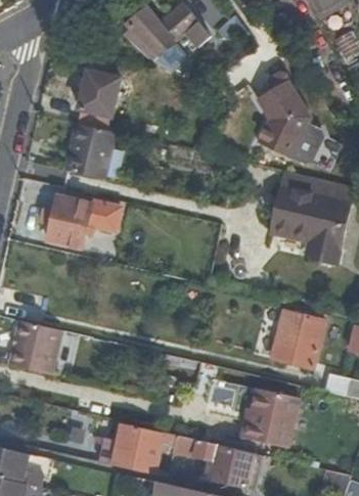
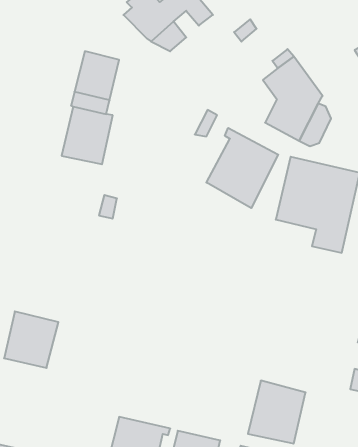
building: none -> [206,128,278,208]
building: [46,196,92,250] -> none
building: [272,311,325,368] -> none

